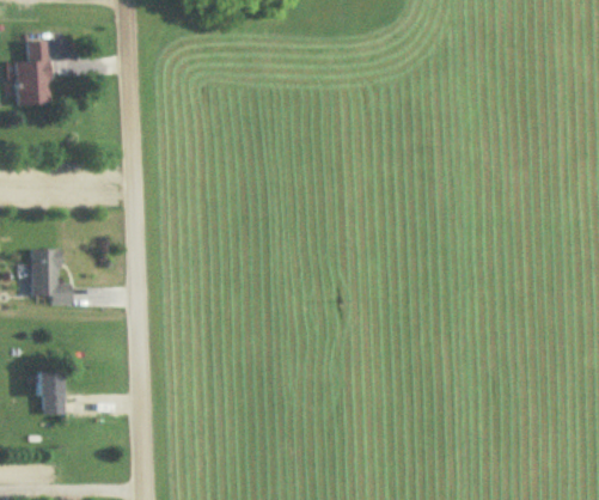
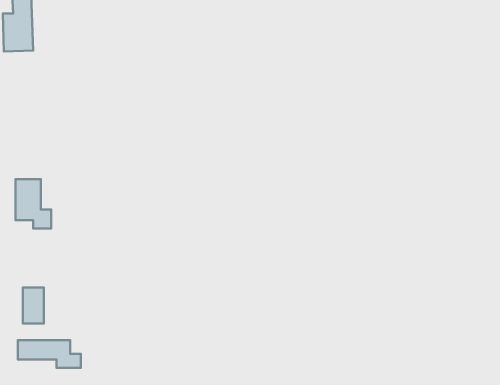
building: none -> [18,340,81,368]

